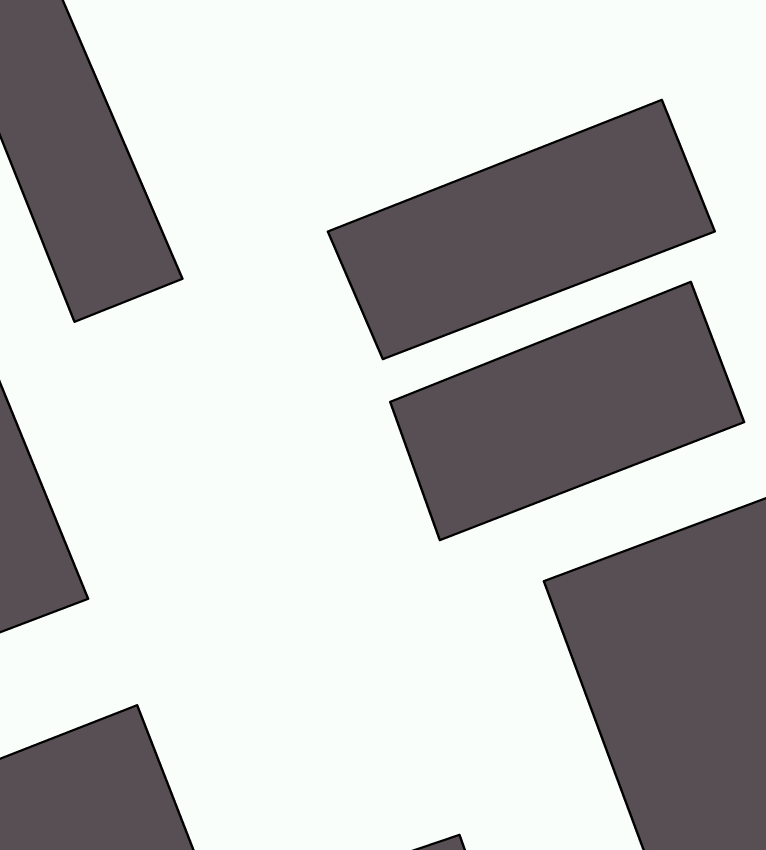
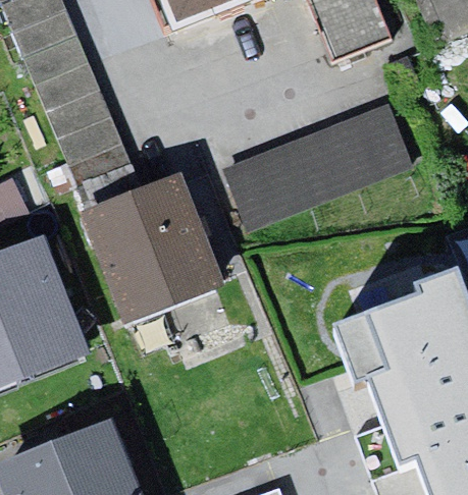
building: none -> [77,173,224,326]
building: [390,282,744,540] -> none

